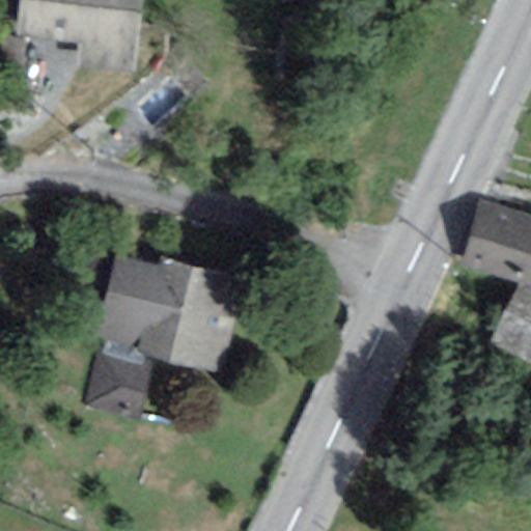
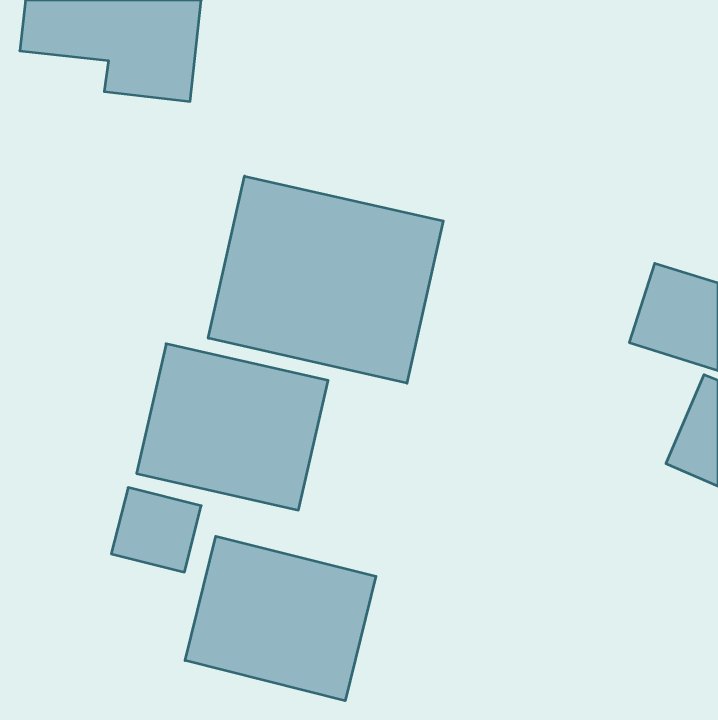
building: none -> [208,176,443,383]
building: none -> [185,536,376,701]

